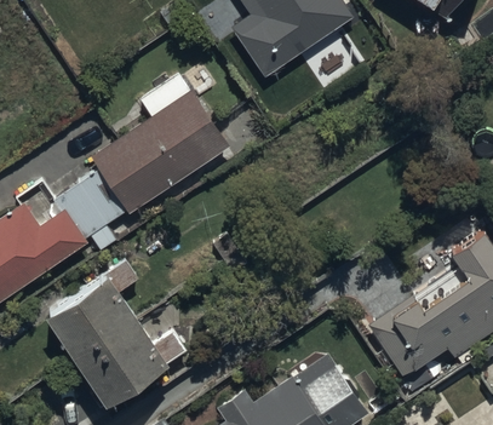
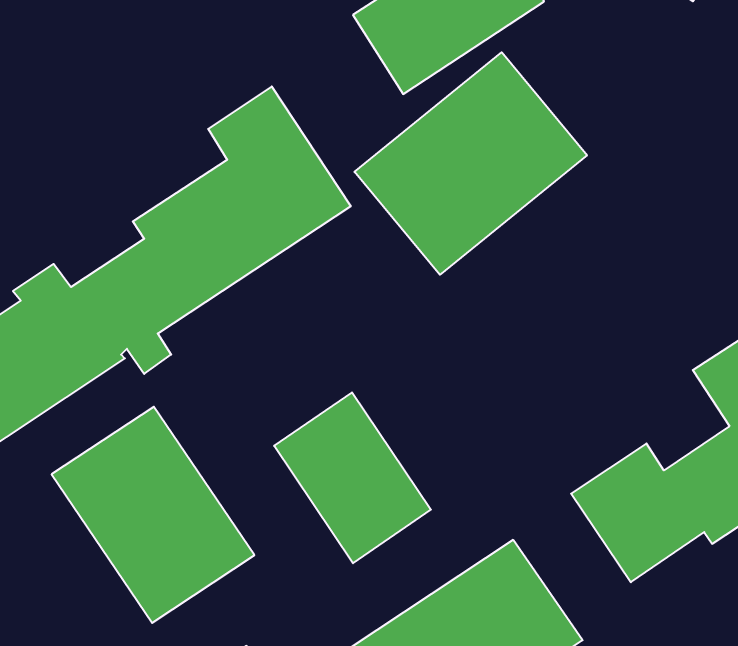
building: none -> [354,52,587,275]
building: none -> [274,392,431,563]

